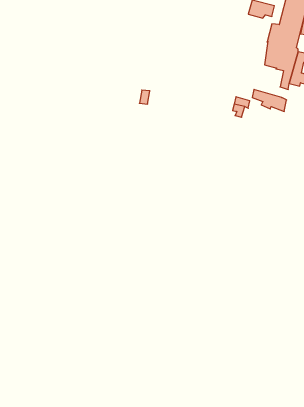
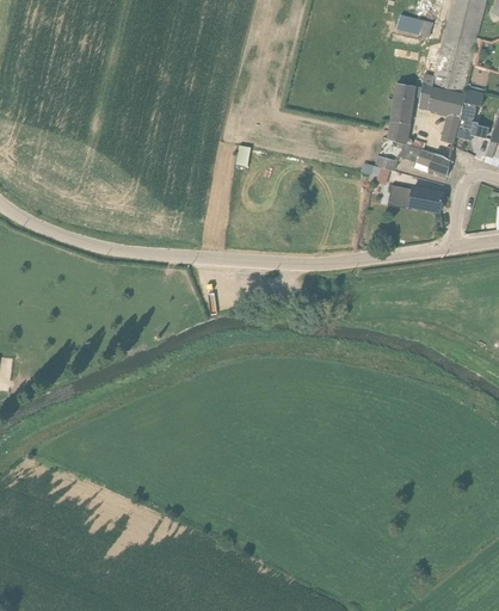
building: none -> [387,82,418,143]
building: none -> [390,184,443,210]

